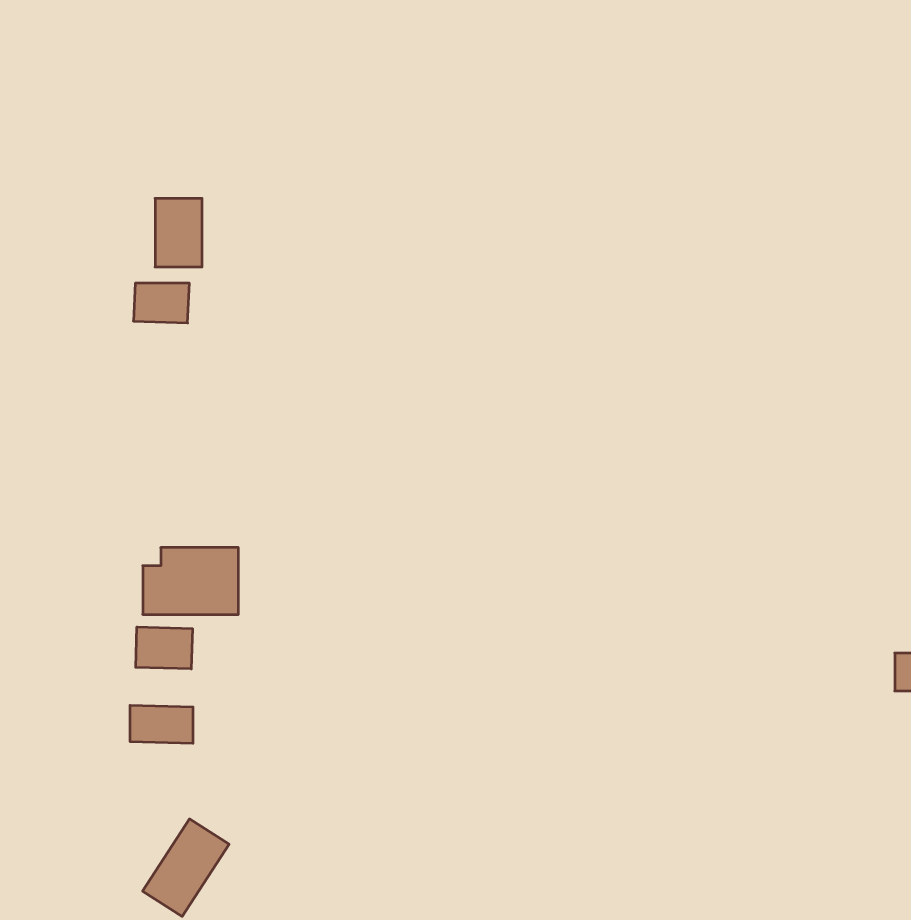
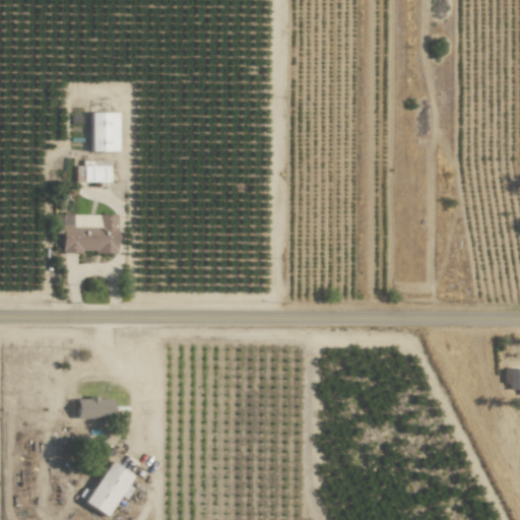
building: [143,548,238,614] -> [66,214,120,252]
building: [136,627,192,669] -> none

